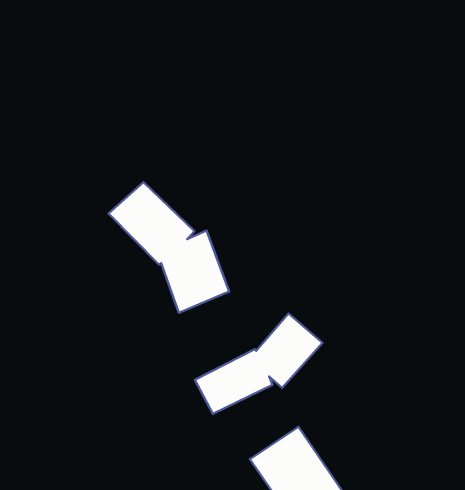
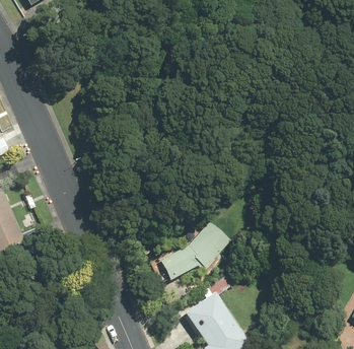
building: [109,182,229,313] -> none

